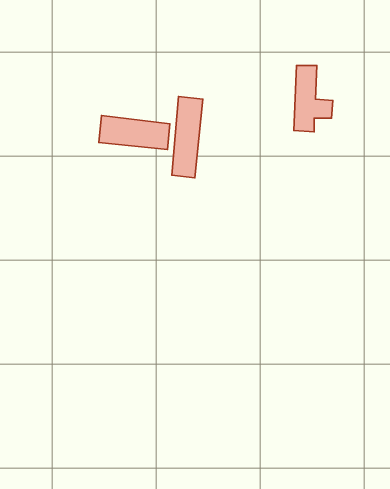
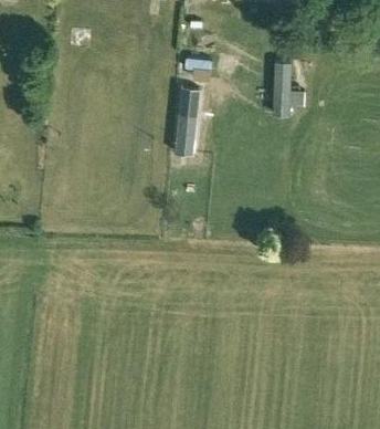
building: [99,115,170,150] -> none

